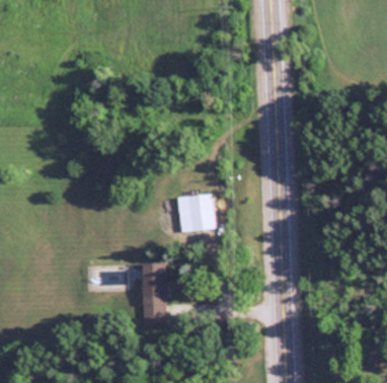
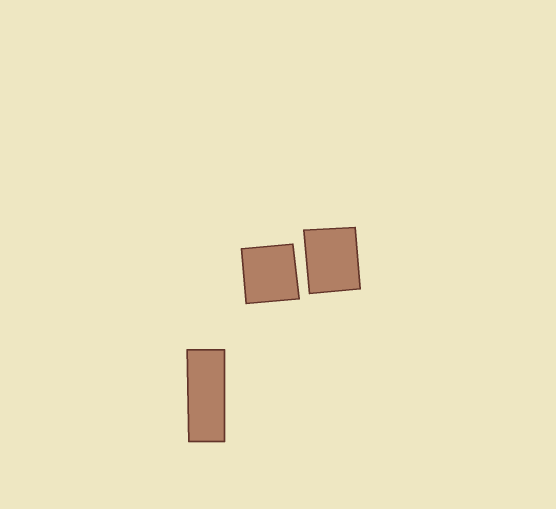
building: none -> [304,227,360,293]

